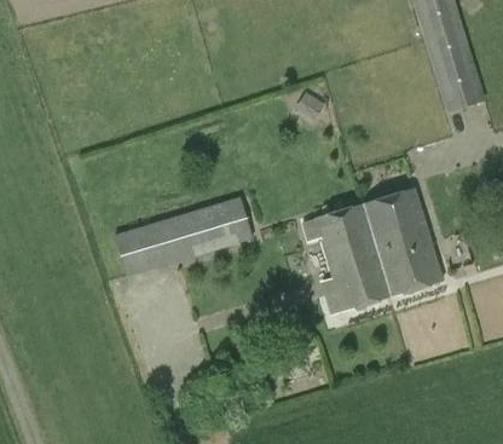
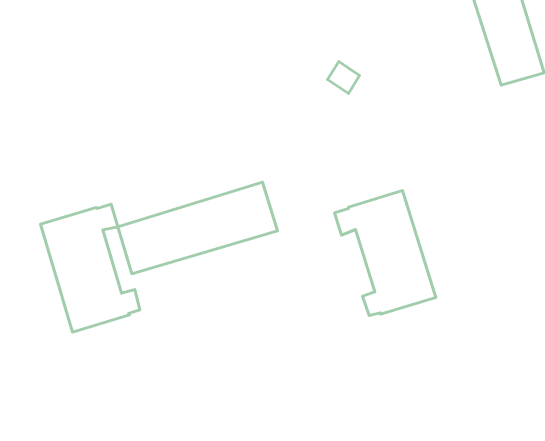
building: [362,188,441,296] -> none
building: none -> [40,204,140,332]

